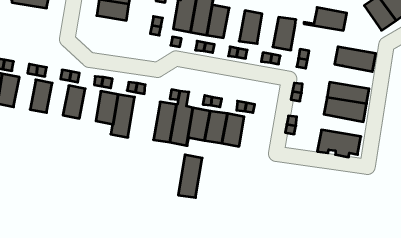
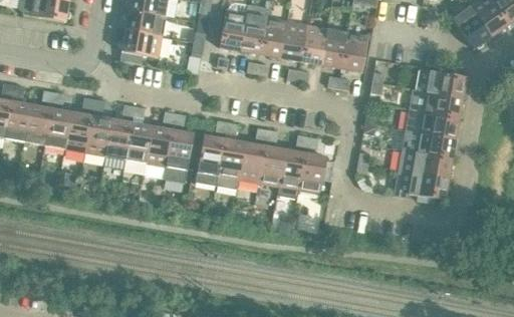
building: [304,7,347,30] -> [410,91,462,119]
building: none -> [280,21,306,61]
building: none -> [321,28,347,68]
building: none -> [119,30,162,63]
building: none -> [24,105,51,144]
building: none -> [64,112,91,151]
building: none -> [104,119,131,158]
building: none -> [400,150,451,178]
building: none -> [299,153,333,194]
building: [178,155,202,198] -> [164,129,193,182]

